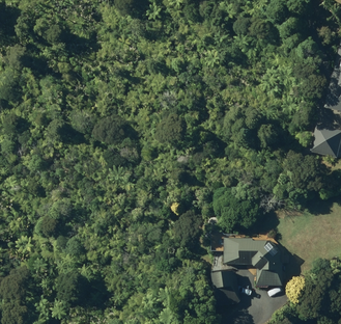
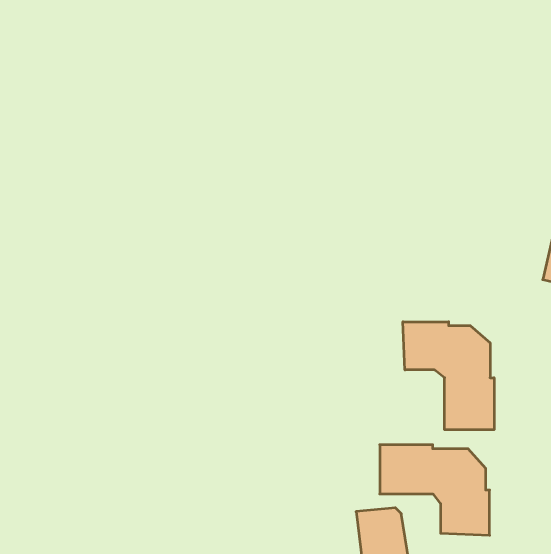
building: none -> [403,322,494,430]

